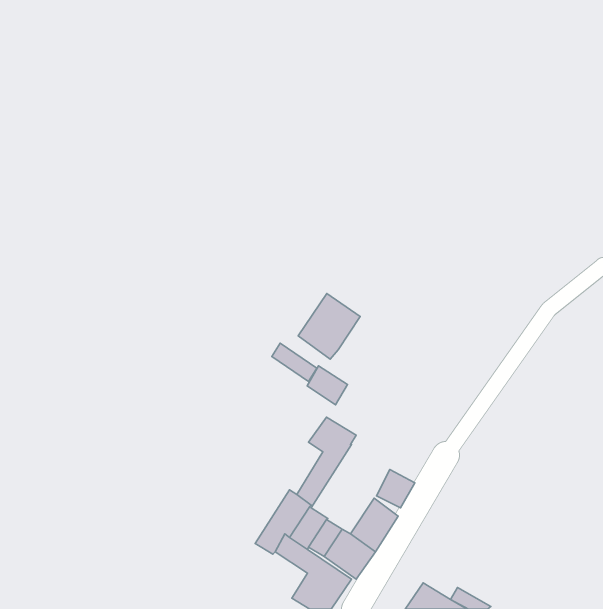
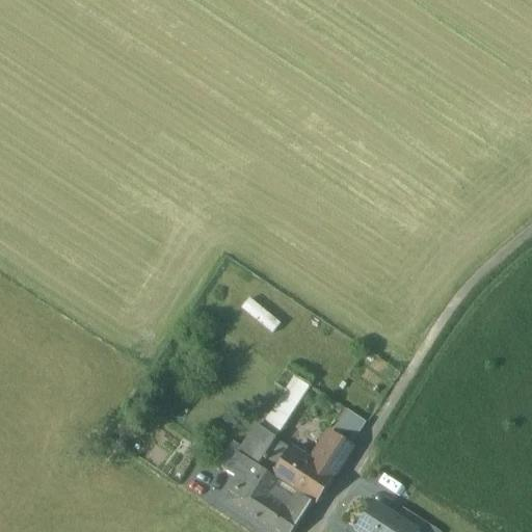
building: [298,294,360,359] -> none
building: [307,366,347,405] -> none
building: none -> [225,481,268,522]

